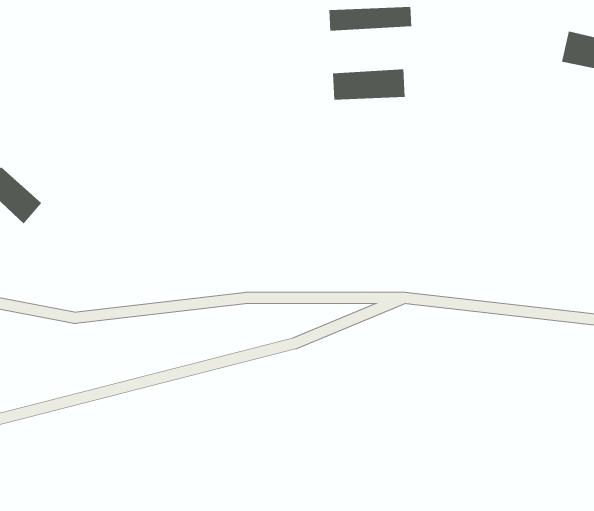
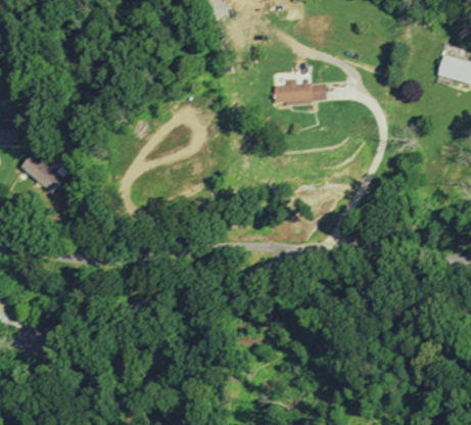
building: [329,6,412,32] -> none

